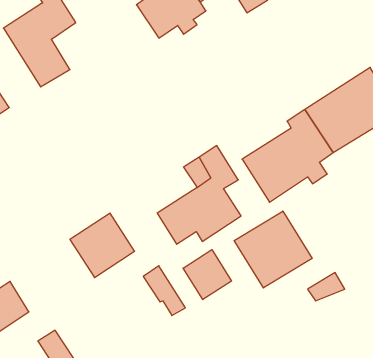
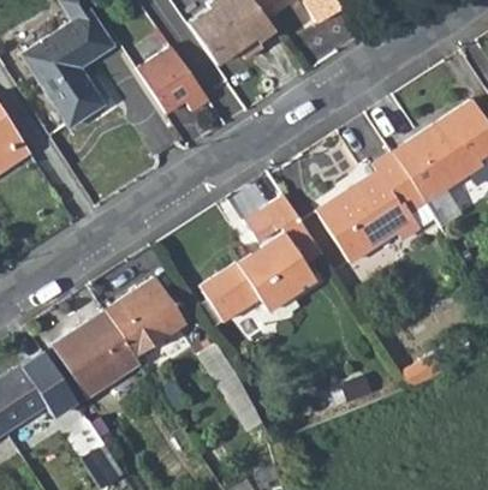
building: none -> [136,46,208,113]
building: [234,211,312,288] -> none
building: none -> [53,311,139,398]
building: [183,250,232,300] -> none

